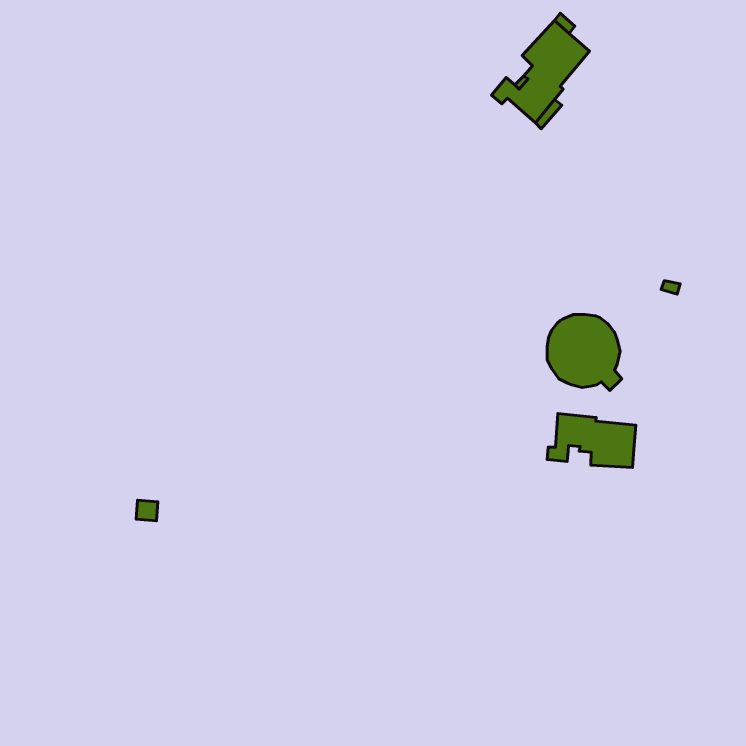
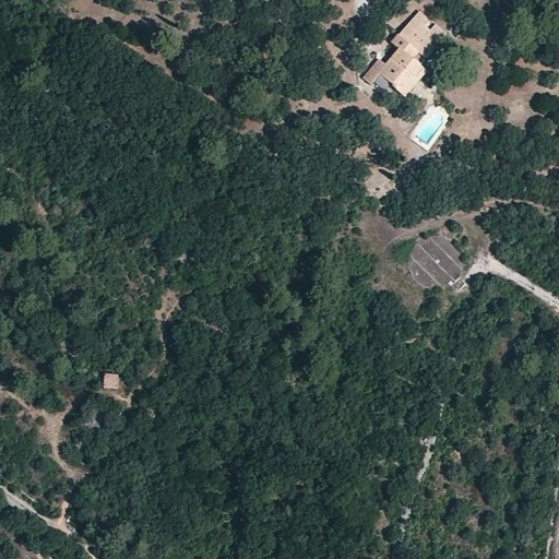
building: [547,413,636,467] -> none

